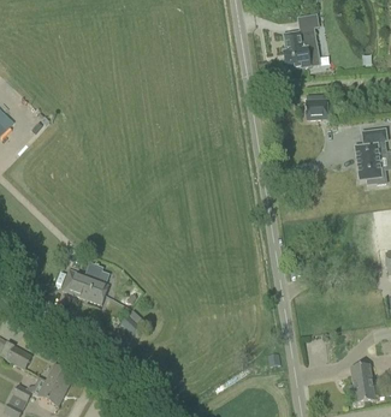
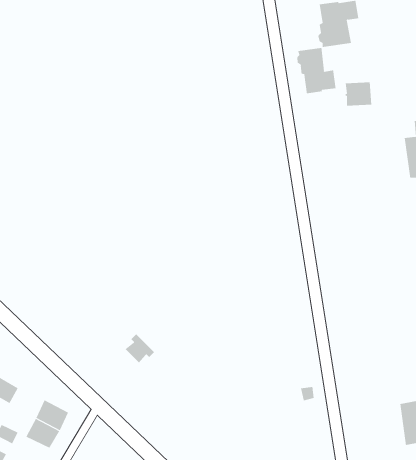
building: none -> [297,47,336,94]
building: [61,266,109,303] -> none

